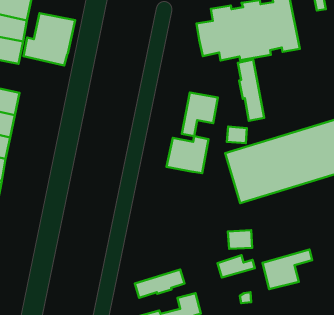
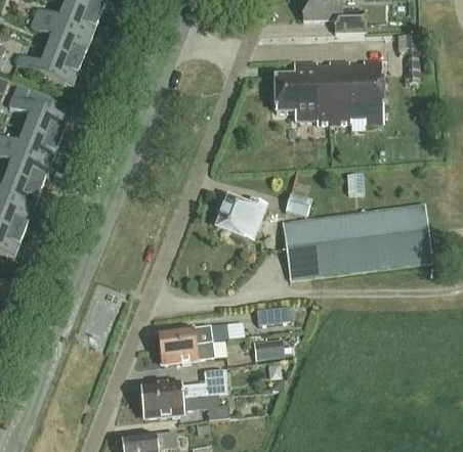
building: [23,13,75,65] -> none
building: [238,60,264,121] -> none
building: [182,92,218,136] -> none
building: none -> [157,315,223,348]
building: [262,250,312,289] -> none

